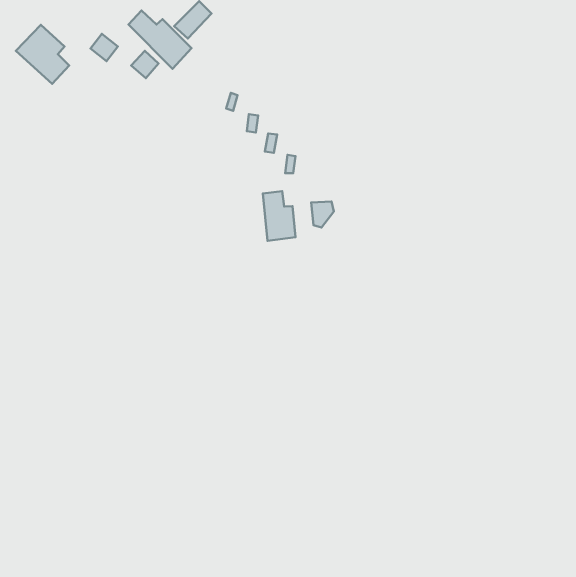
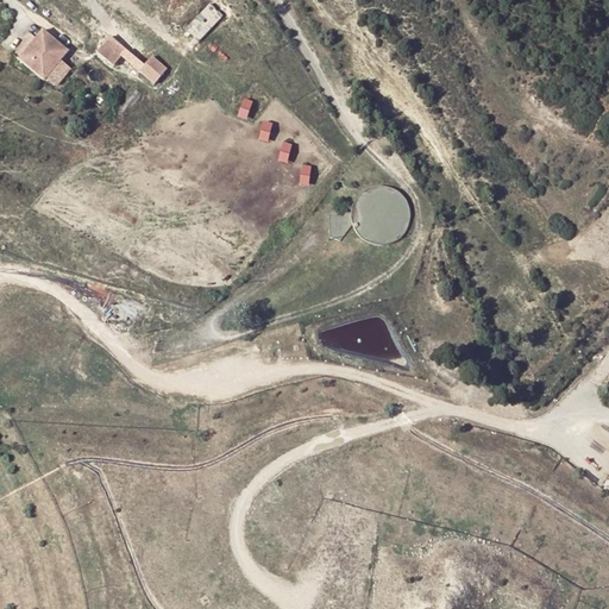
building: [128,11,192,69] -> none
building: [263,191,296,241] -> none

